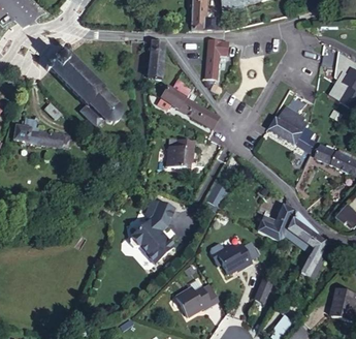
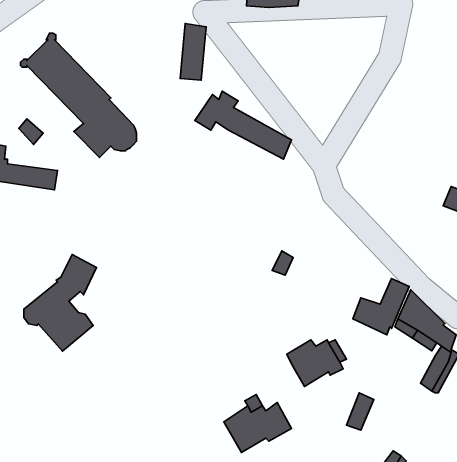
building: [205,39,227,80] -> none
building: [270,105,315,152] -> none
building: [166,140,194,168] -> none
building: [128,197,174,259] -> [24,254,96,351]

